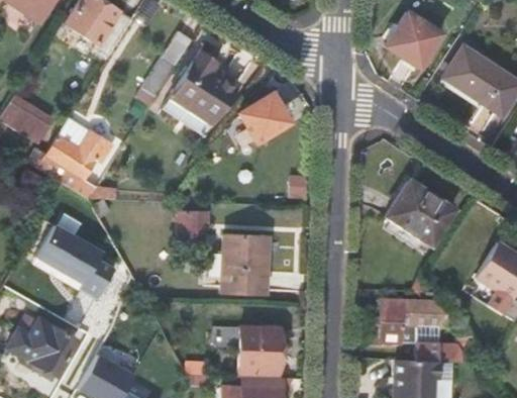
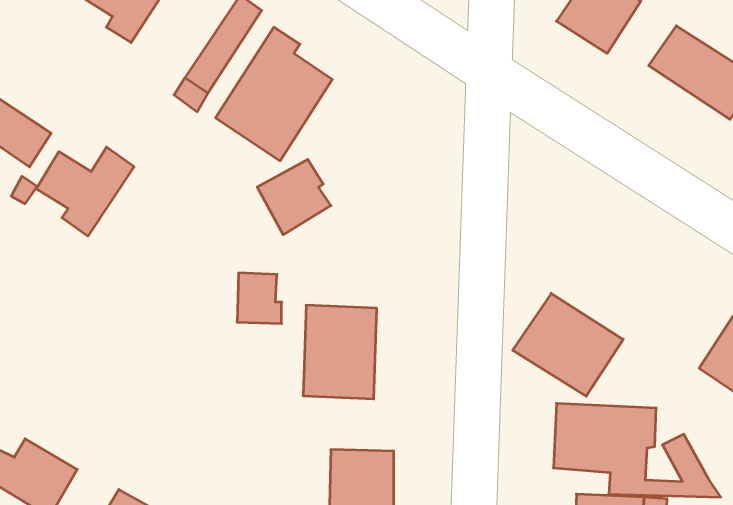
building: [238,94,287,143] -> [257,159,331,235]
building: [388,178,460,245] -> [513,293,623,396]
building: [36,226,118,300] -> none

